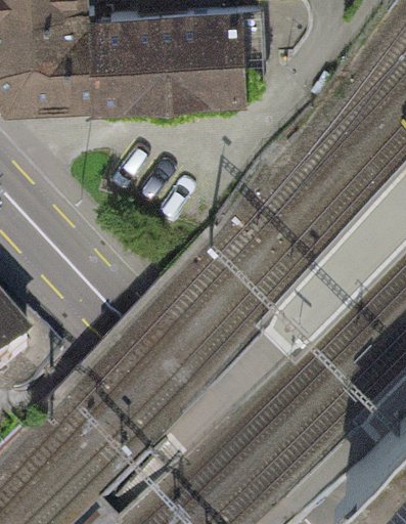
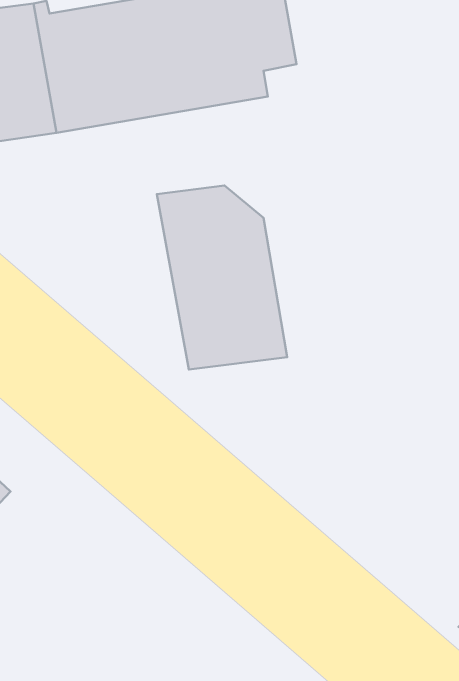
building: none -> [157,186,287,369]

